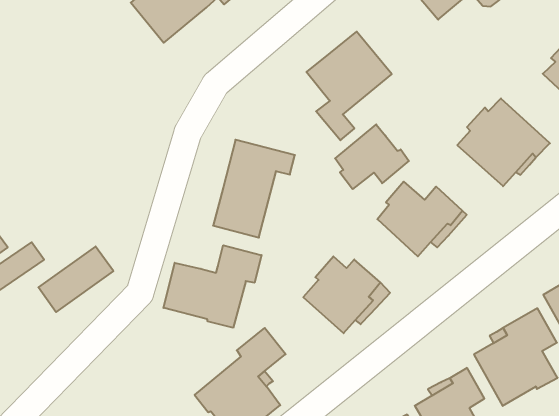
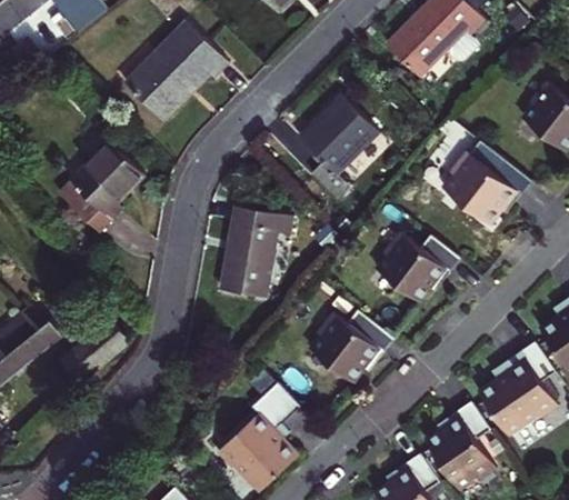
building: none -> [58,140,142,232]
building: [335,124,409,189] -> none
building: [163,245,262,328] -> none

